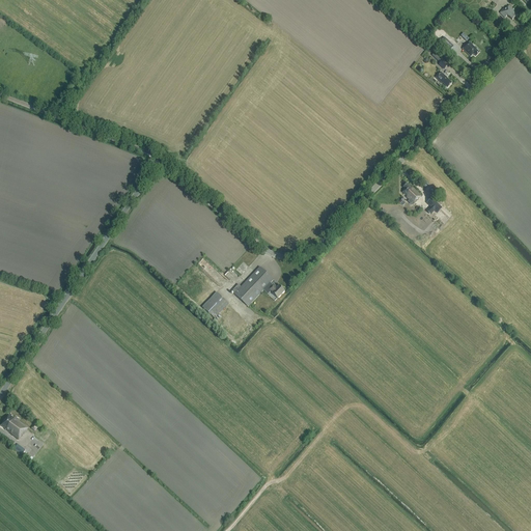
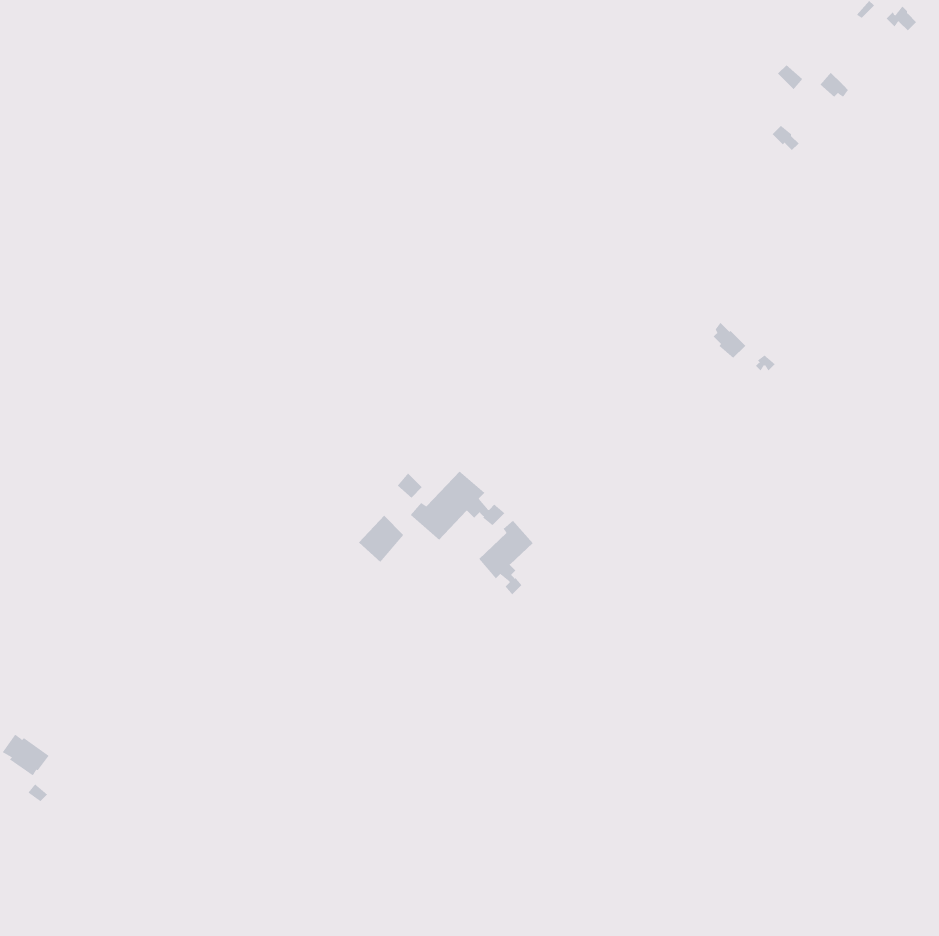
building: none -> [478,520,533,595]

